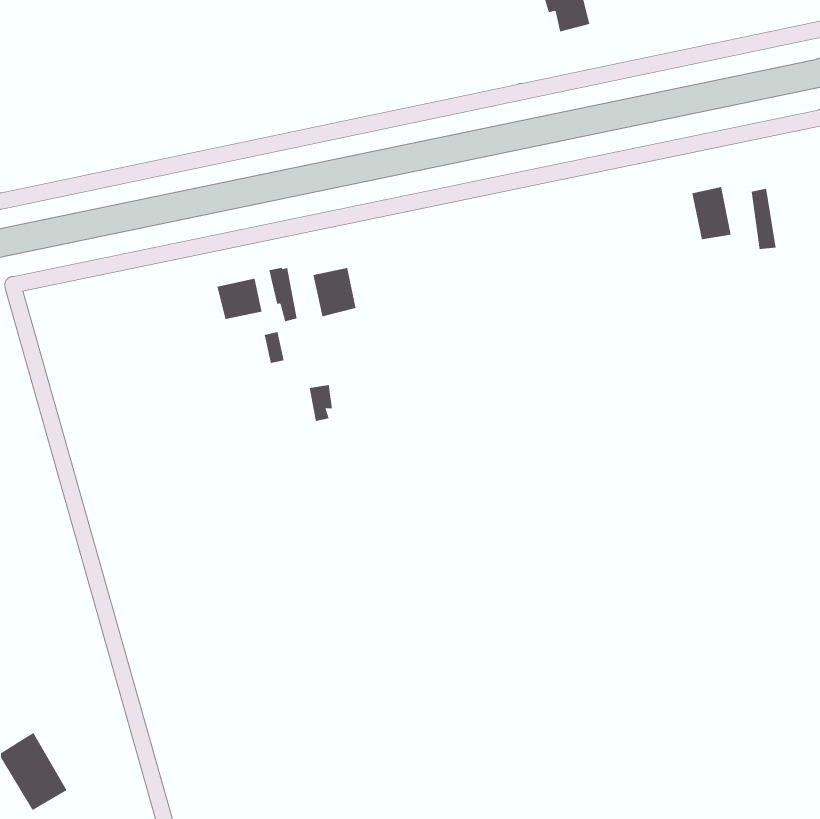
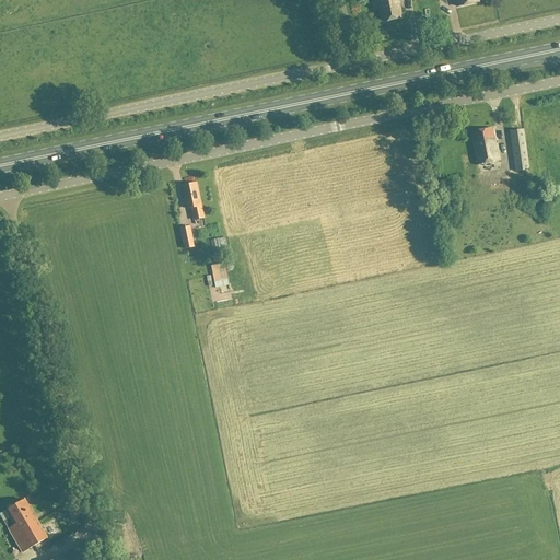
building: [313,267,356,317] -> none
building: [217,278,262,320] -> none

